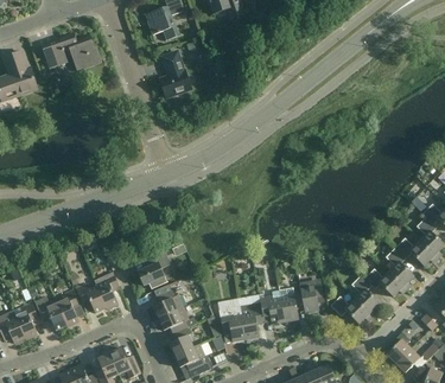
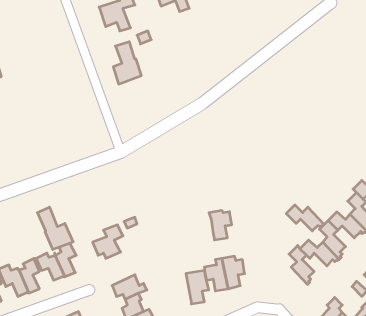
building: [42,32,101,69] -> none
building: none -> [37,207,73,250]
building: [299,280,324,312] -> [209,211,232,240]
building: [153,283,184,318] -> none
building: [331,295,373,324] -> [286,205,324,231]
building: [220,305,246,340] -> none

